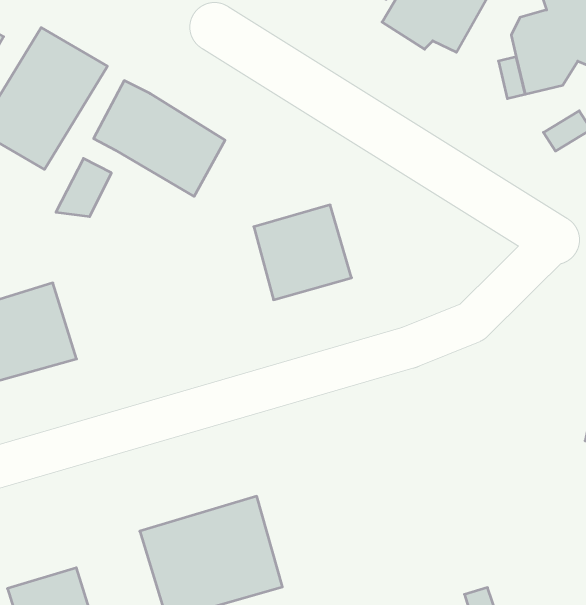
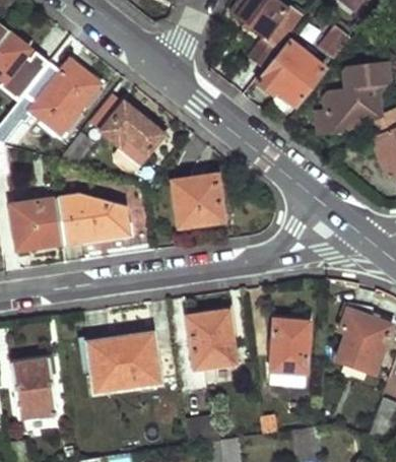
building: none -> [57,197,127,243]
building: none -> [272,318,308,371]
building: none -> [186,312,236,370]

